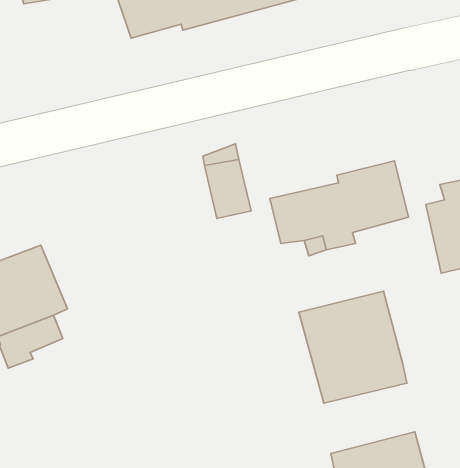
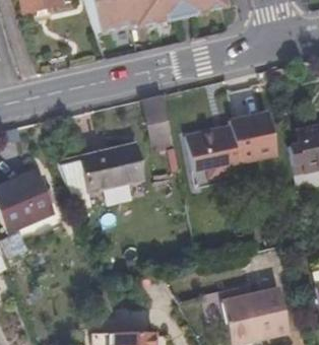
building: none -> [51,141,137,206]
building: [299,291,407,403] -> none

